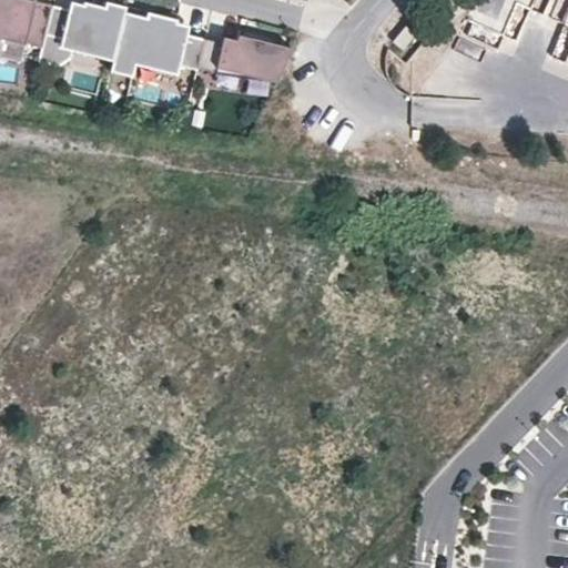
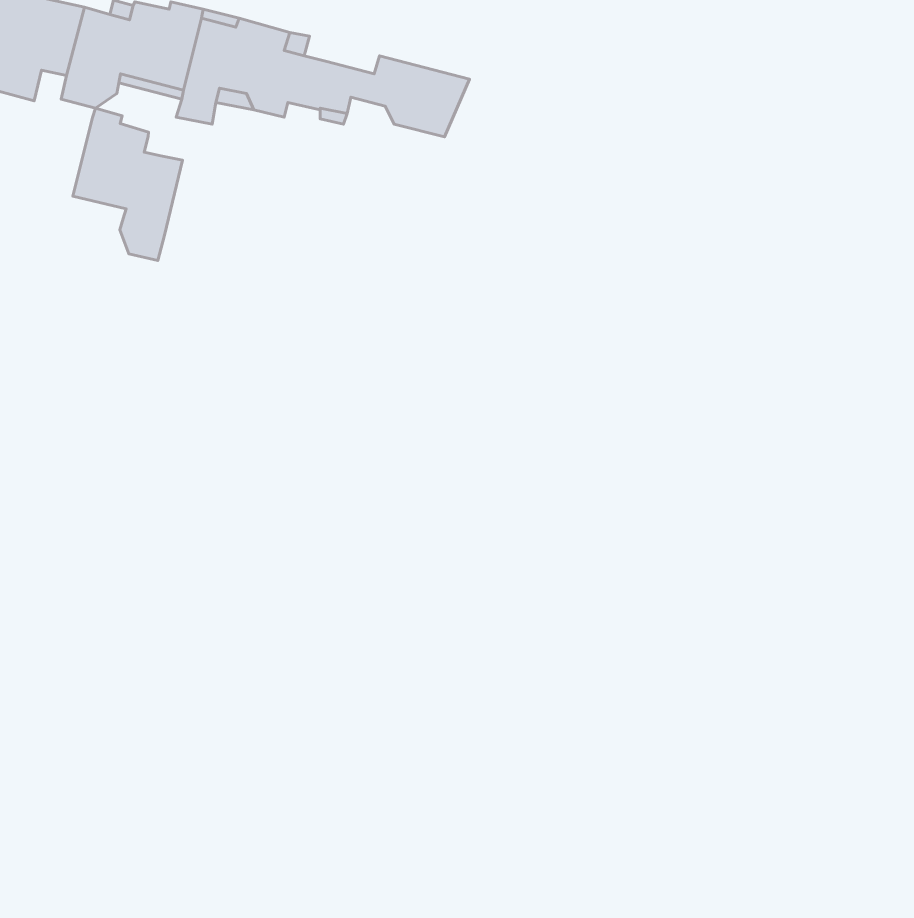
building: none -> [73,108,183,261]

